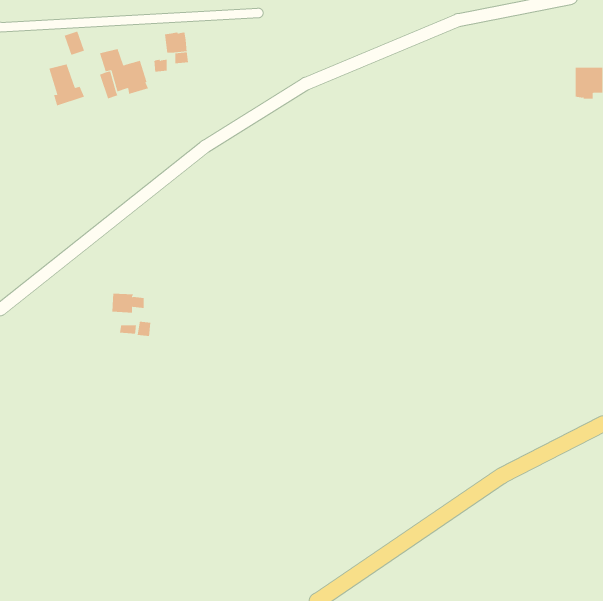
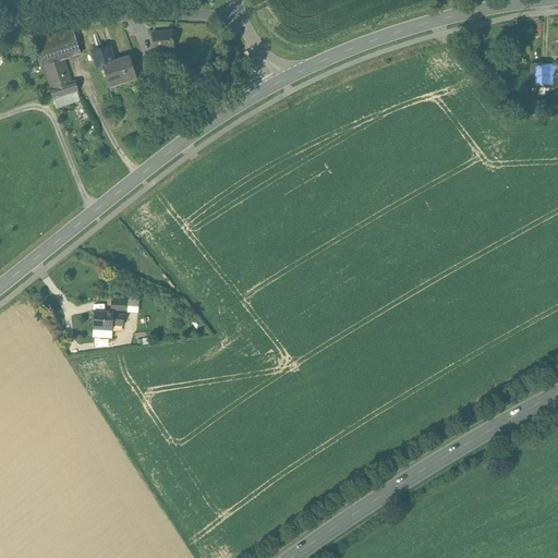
building: none -> [39,33,66,64]
building: [111,293,144,313] -> [93,310,123,328]

